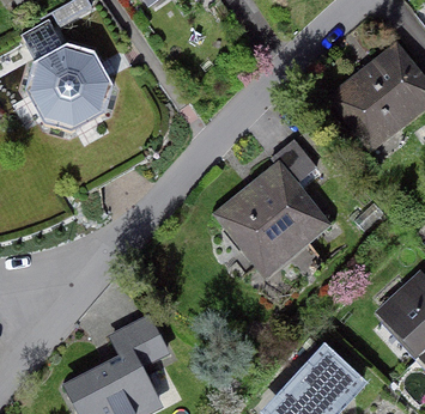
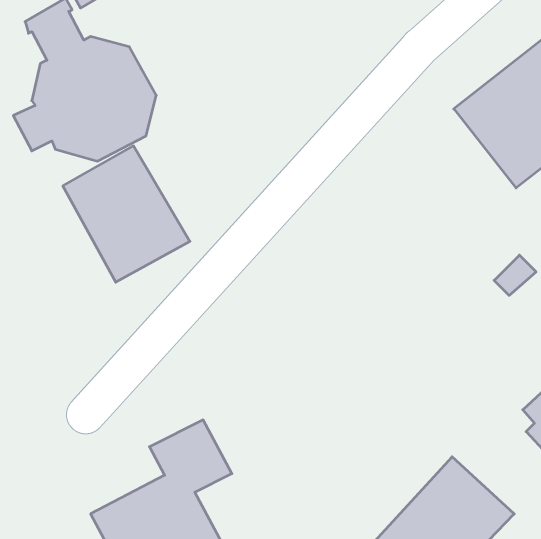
building: none -> [63,146,190,282]
building: [212,138,333,278] -> none

